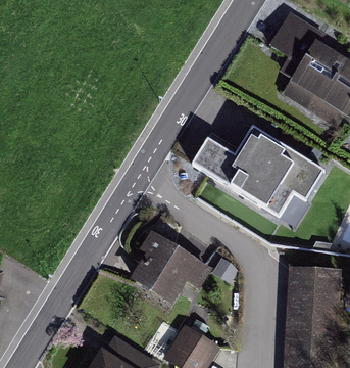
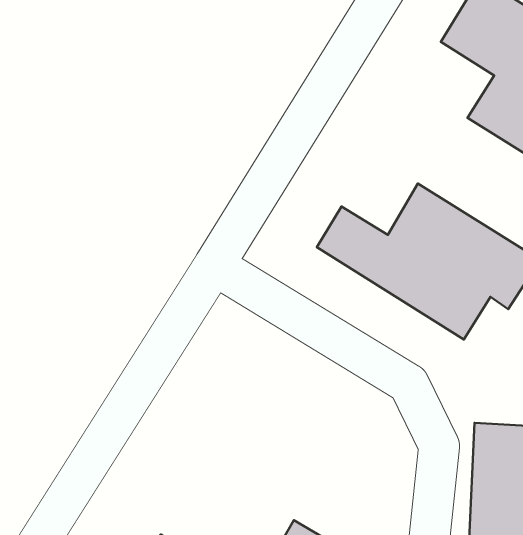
building: [130,231,211,306] -> none

